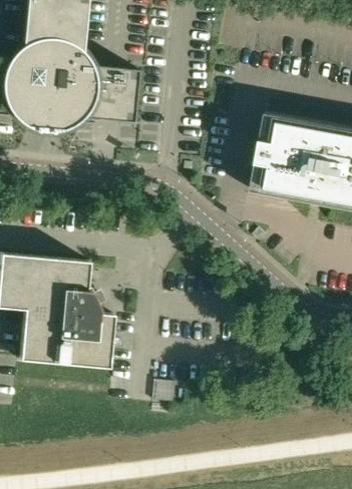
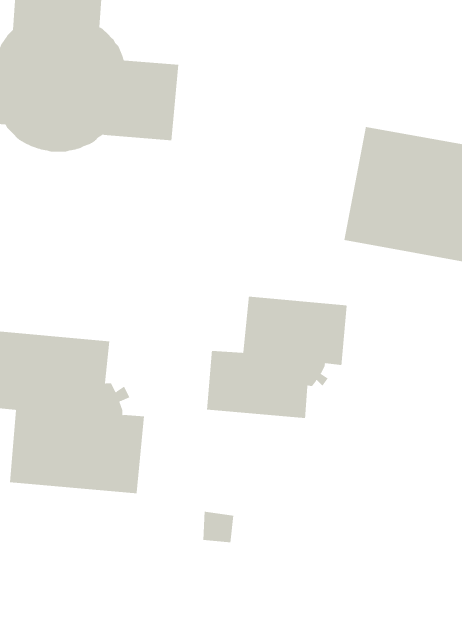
building: none -> [206,296,347,419]

